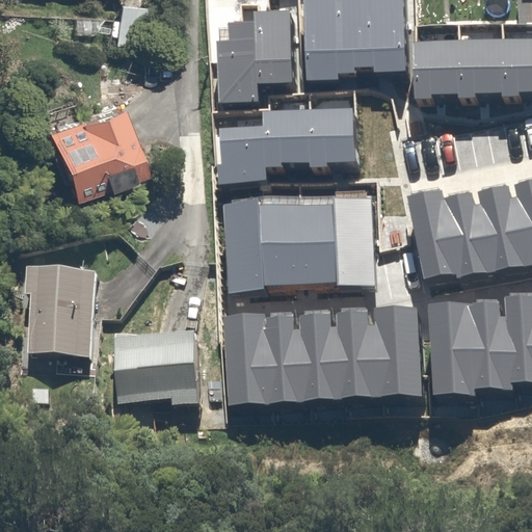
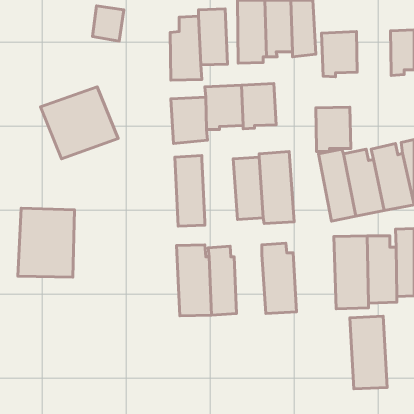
building: [457,39,502,97] -> [316,107,351,152]
building: [259,204,304,285] -> none
building: [375,307,423,400] -> [350,316,387,389]
building: [299,315,341,402] -> none
building: [110,326,197,405] -> none

